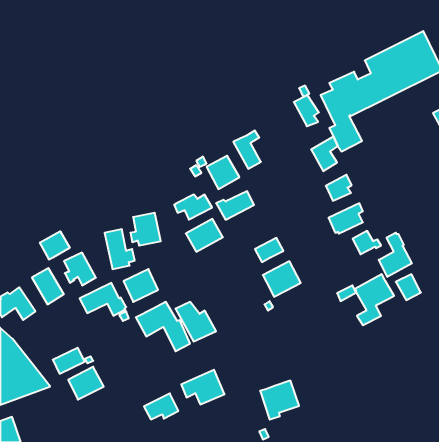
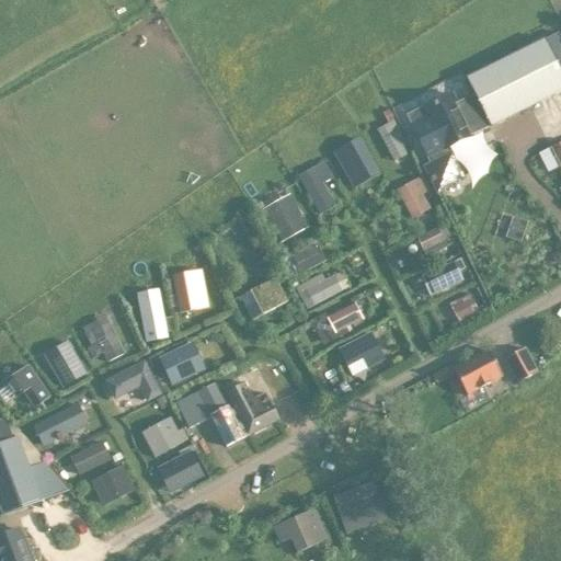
building: none -> [334,137,377,185]
building: [174,195,212,220] -> [295,273,343,305]
building: [40,231,70,260] -> none
building: [379,233,412,277] -> none
building: none -> [33,409,78,444]
building: none -> [142,416,183,457]
building: [181,370,225,404] -> [272,507,327,551]
building: [144,393,178,419] -> [157,451,201,484]

